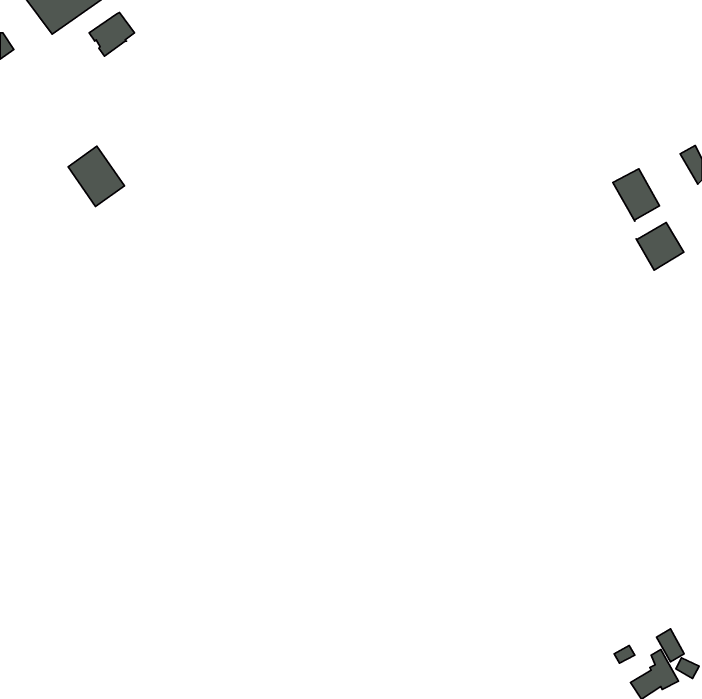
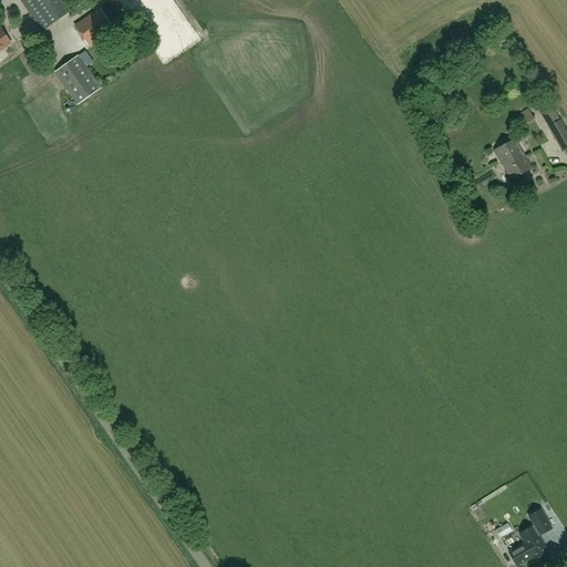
building: [68,146,124,207] -> [55,53,101,102]
building: [636,223,684,270] -> none

